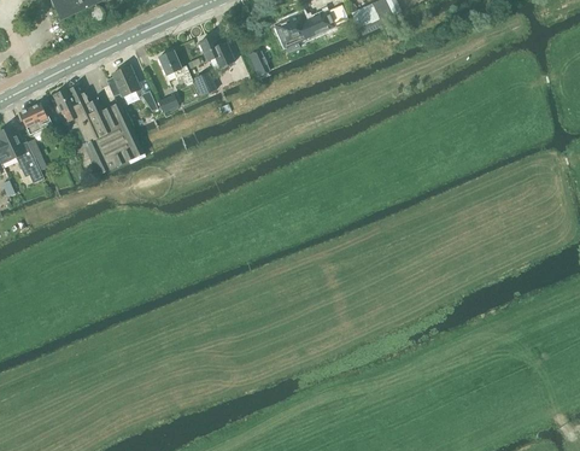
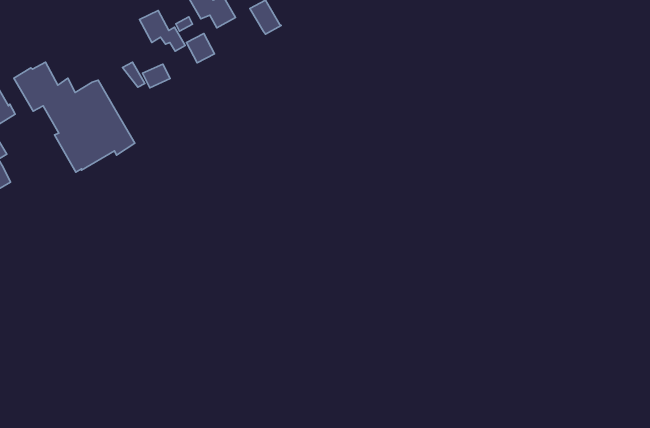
building: [106,65,140,96] -> none

